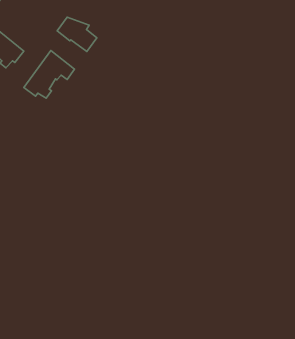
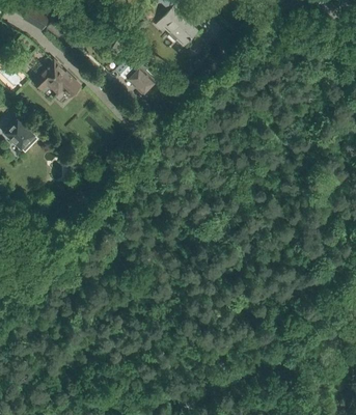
building: [24,51,75,98] -> none

